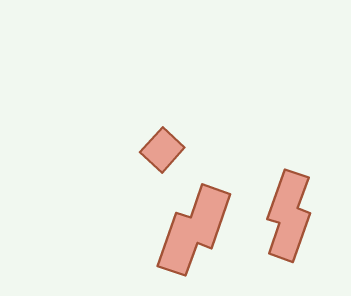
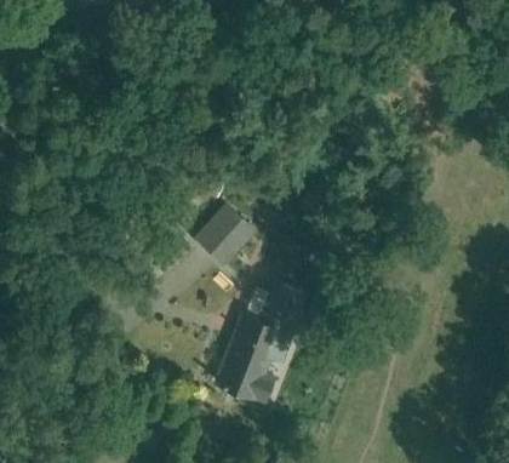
building: [267,169,310,262] -> none

